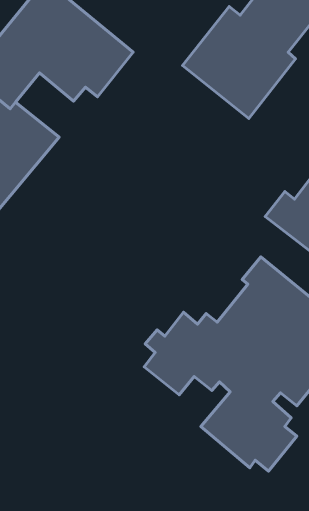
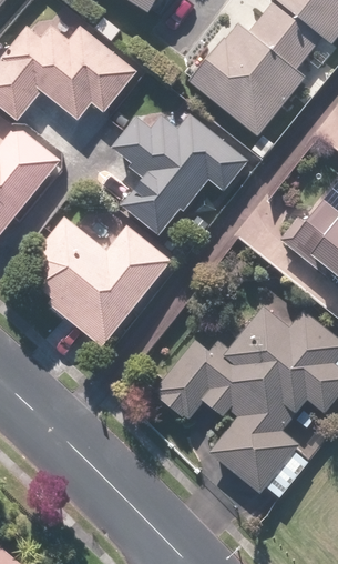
building: none -> [75,111,249,241]
building: none -> [32,211,171,349]

